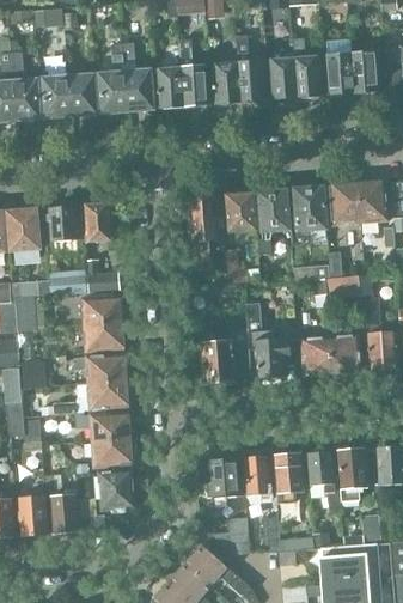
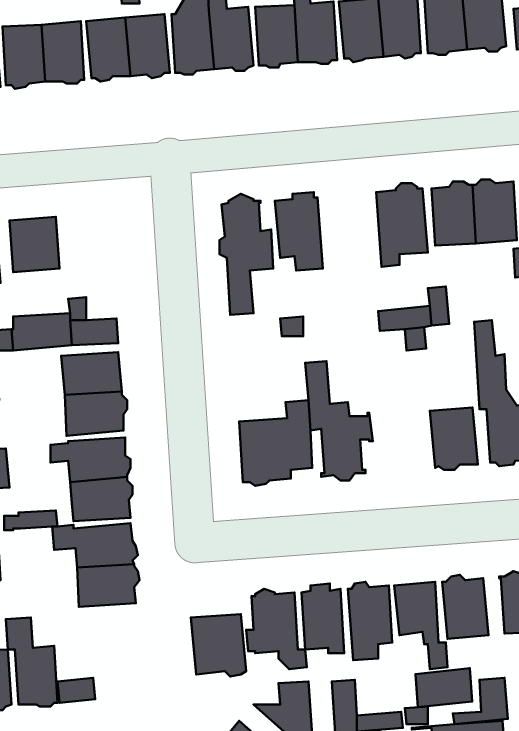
building: [256,187,288,254] -> none
building: [83,200,112,242] -> none
building: [299,335,331,377] -> none
building: [97,469,134,511] -> [191,614,246,676]
building: none -> [415,668,472,707]

